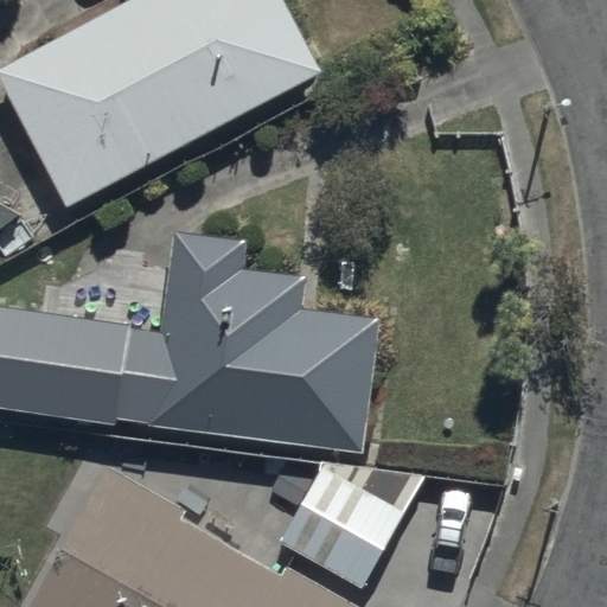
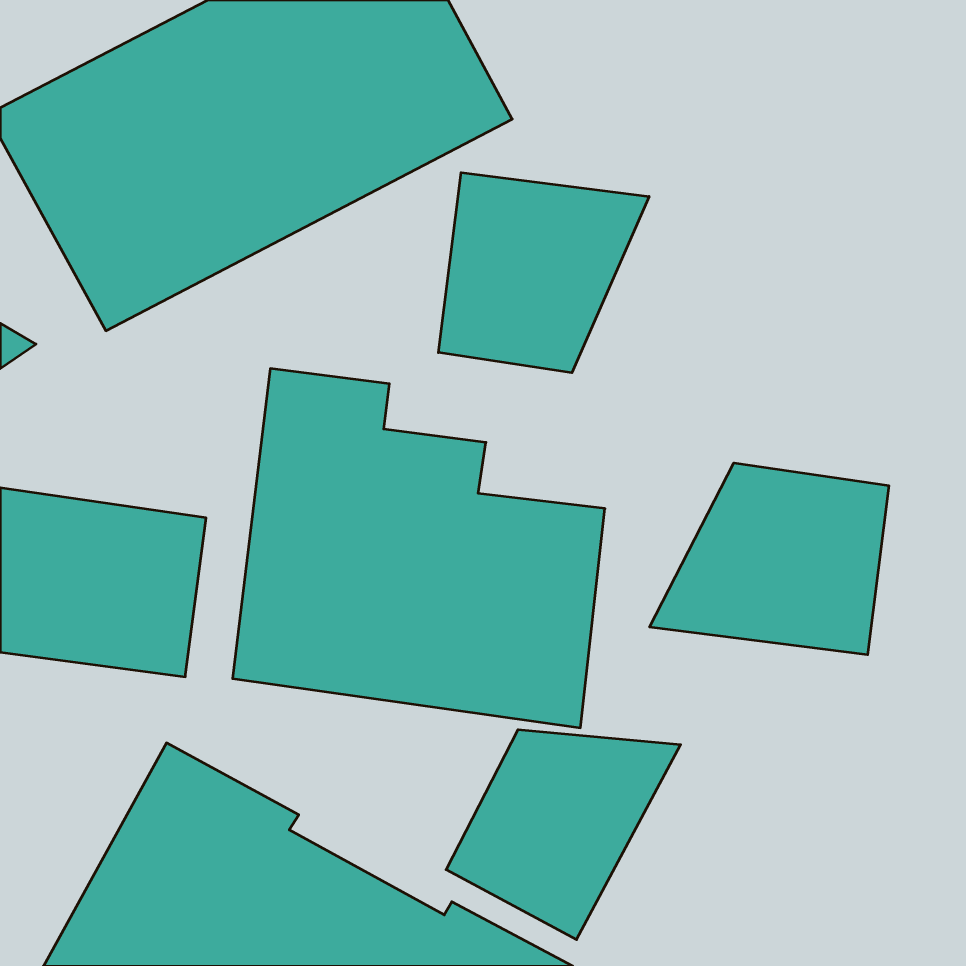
building: none -> [438,173,649,373]
building: none -> [650,463,889,655]

